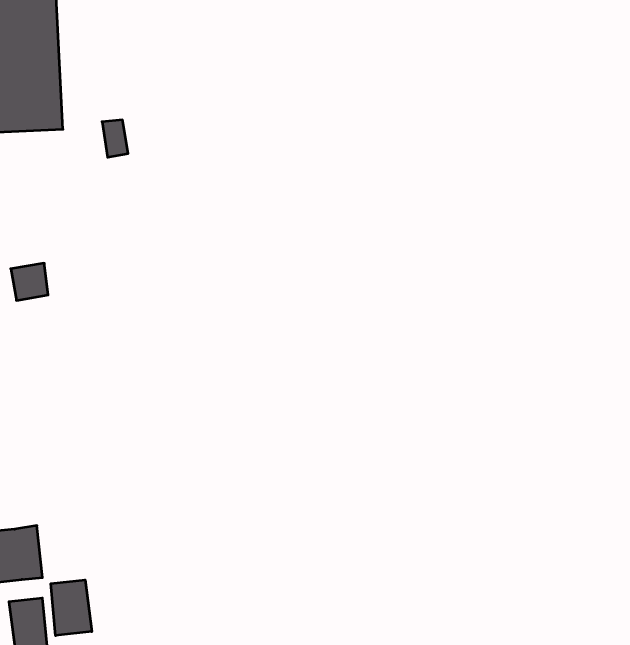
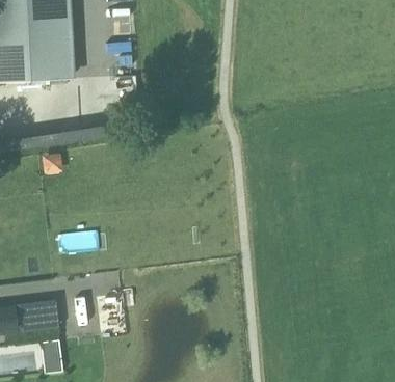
building: [51,580,92,636] -> none

